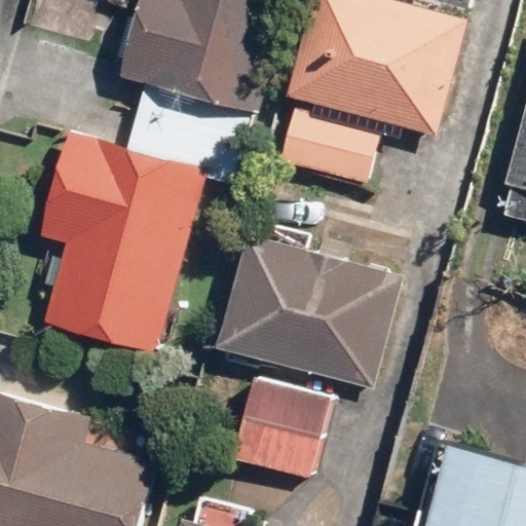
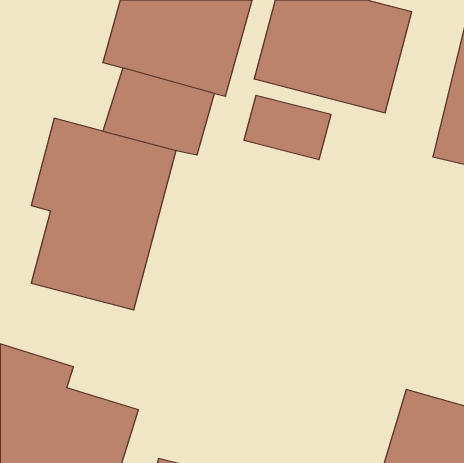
building: [219,234,396,386] -> none
building: [229,376,330,477] -> none

